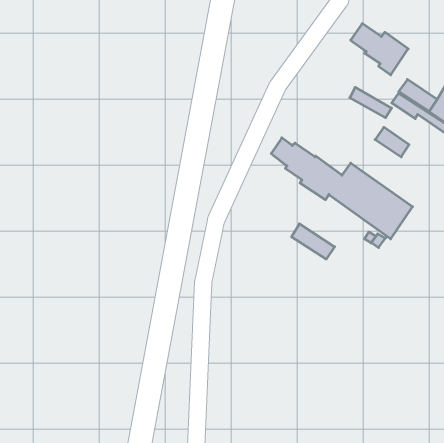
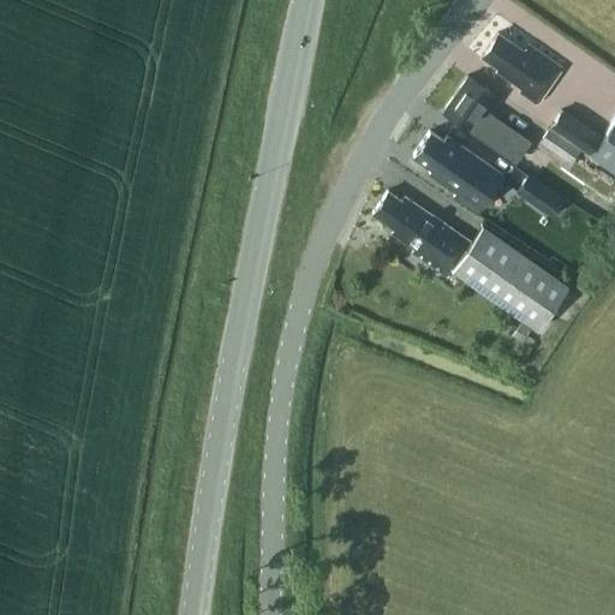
building: none -> [447,79,502,136]
building: none -> [414,133,507,217]
building: [292,224,335,259] -> none

